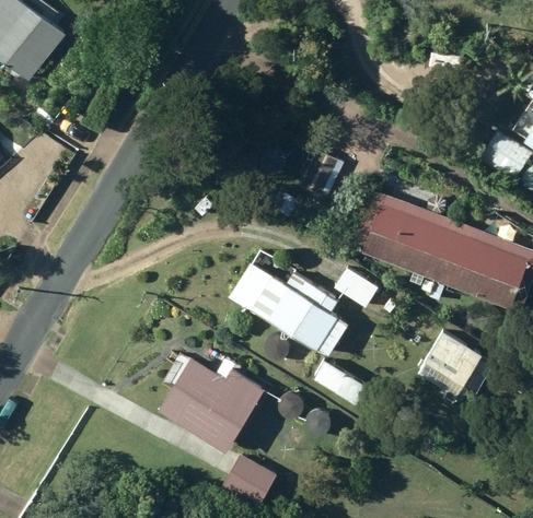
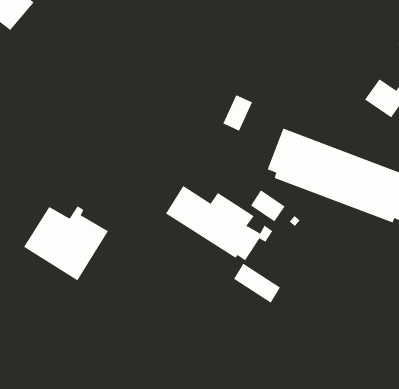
building: [424,331,484,388] -> none
building: [159,358,265,452] -> [23,205,109,281]
building: [221,454,278,508] -> none

